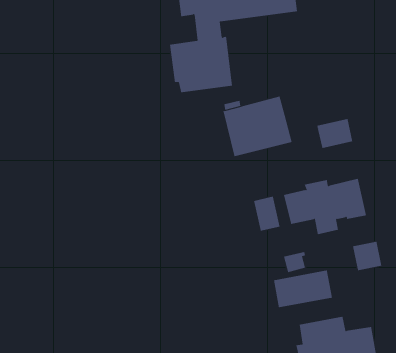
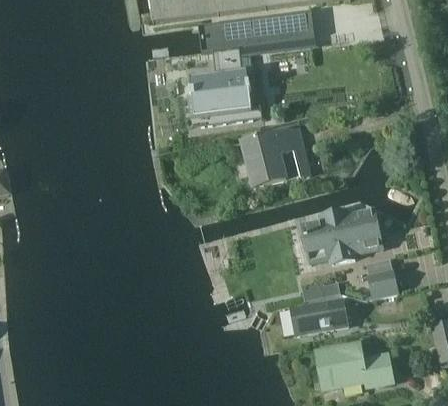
building: [317,118,353,149] -> none
building: [253,196,280,232] -> none

